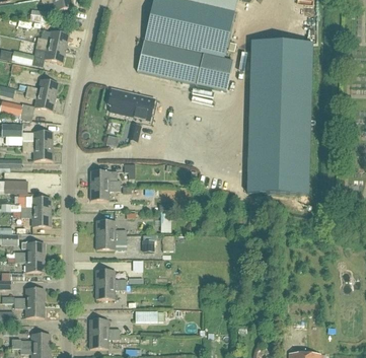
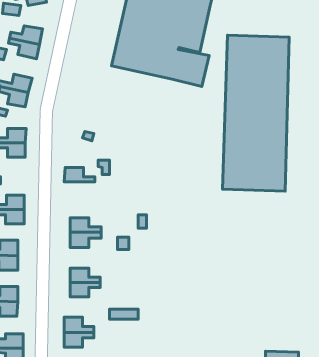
building: [106,87,155,120] -> none
building: [90,185,121,200] -> none

